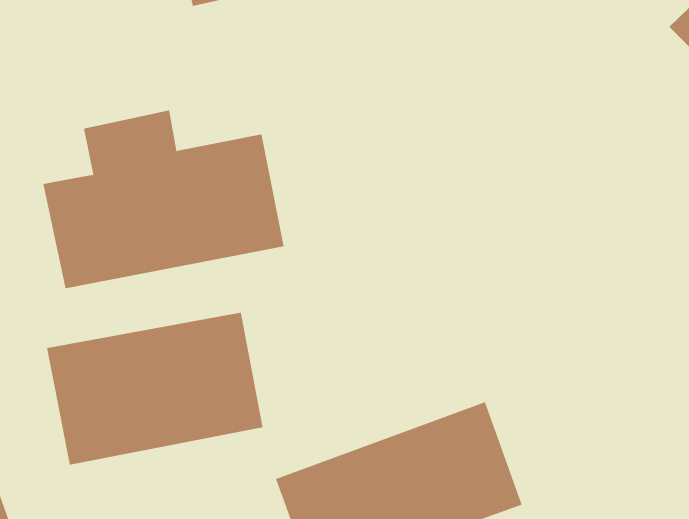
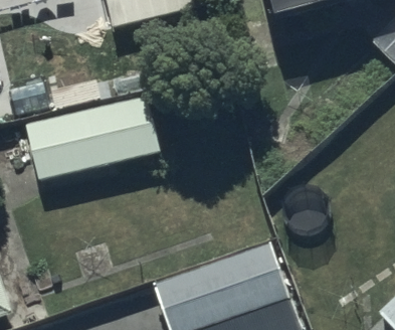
building: [46,312,263,465] -> none

